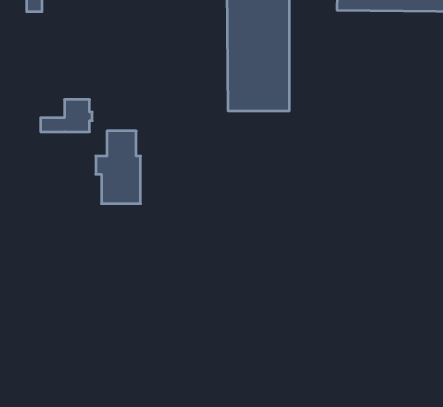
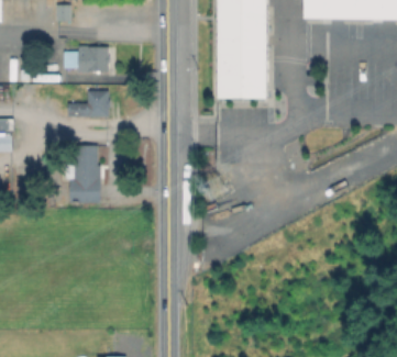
building: none -> [66,46,112,71]
building: [96,131,141,204] -> [67,144,102,201]

